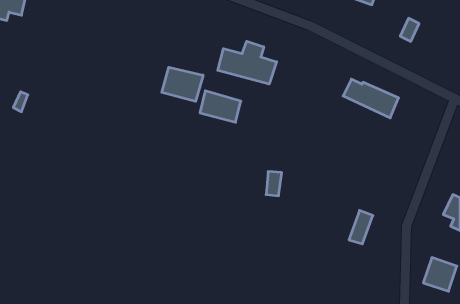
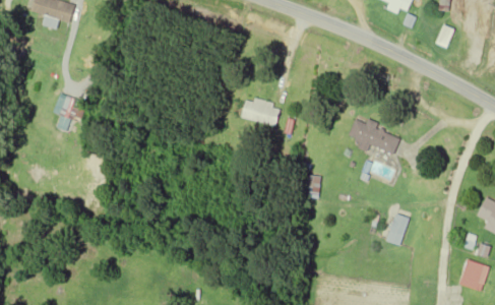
building: [218,41,277,84] -> none
building: [162,67,203,101] -> none
building: [343,79,399,118] -> [347,119,400,157]

